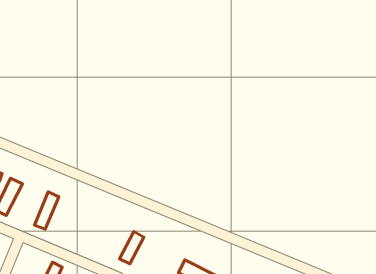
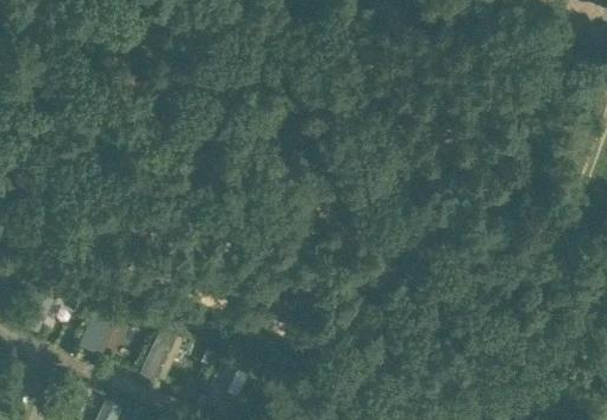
building: none -> [139,328,177,382]

